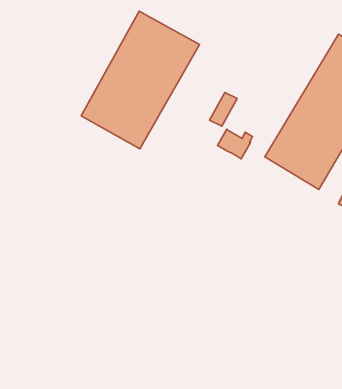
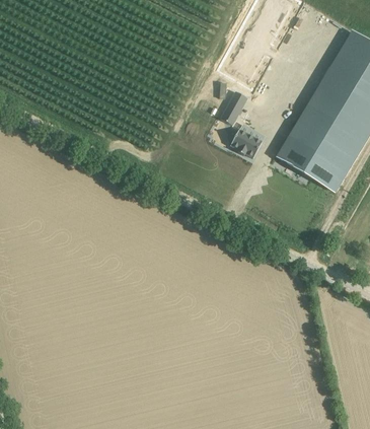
building: [81,11,200,149] -> none

